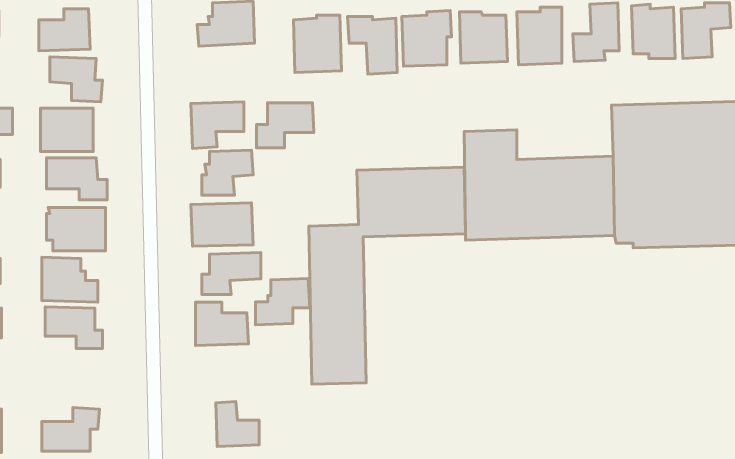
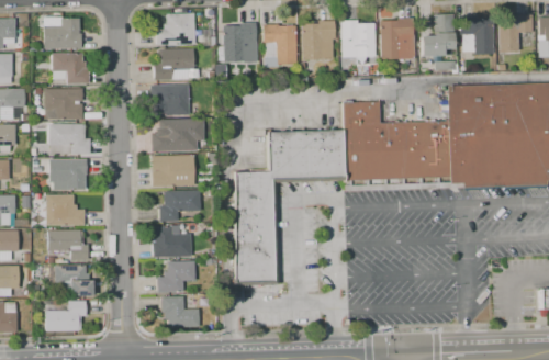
building: [257,103,314,148] -> [155,48,195,80]
building: [255,278,310,325] -> [158,260,197,293]
building: none -> [57,266,94,296]

